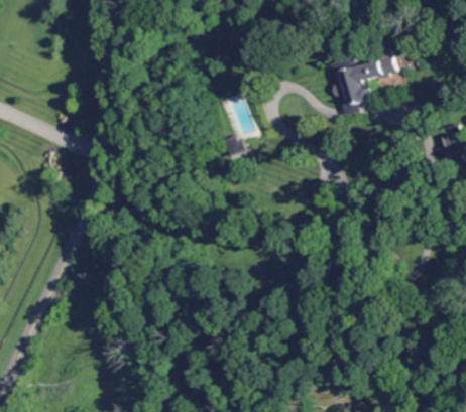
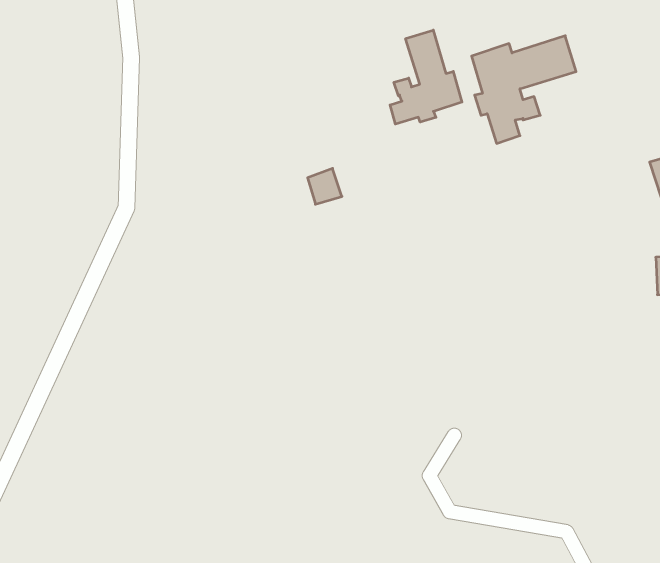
building: none -> [390,30,462,124]

